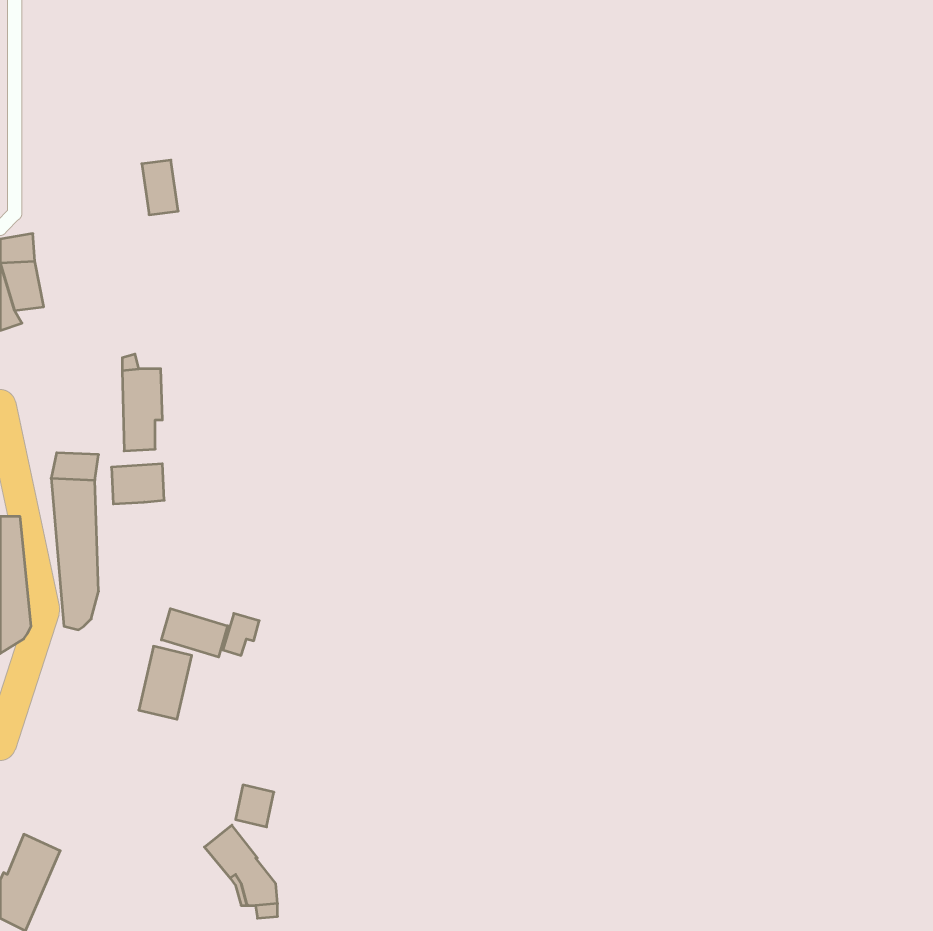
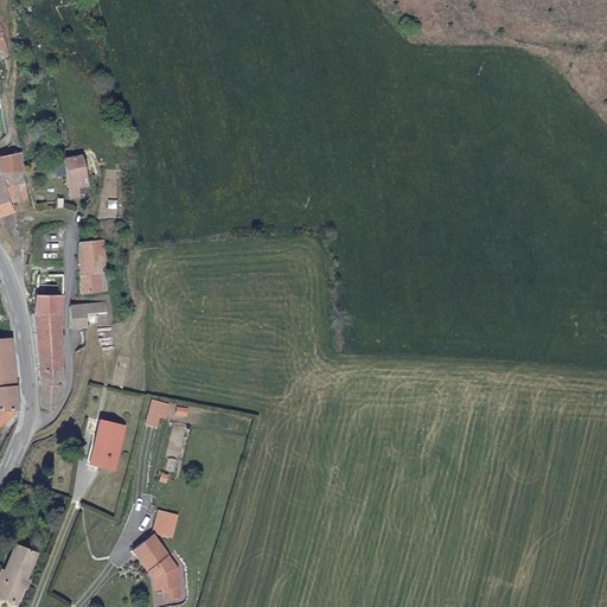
building: [142,160,178,215] -> [65,154,89,190]
building: [161,609,228,657] -> none

